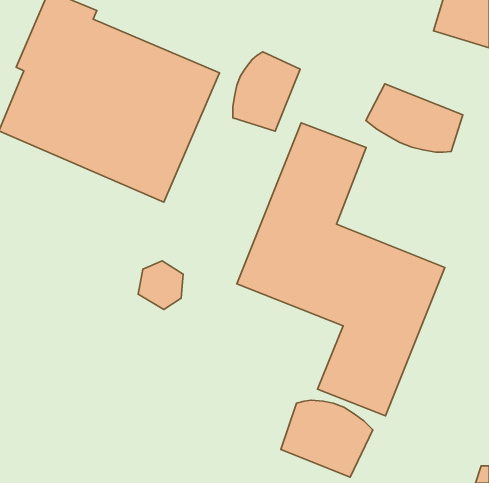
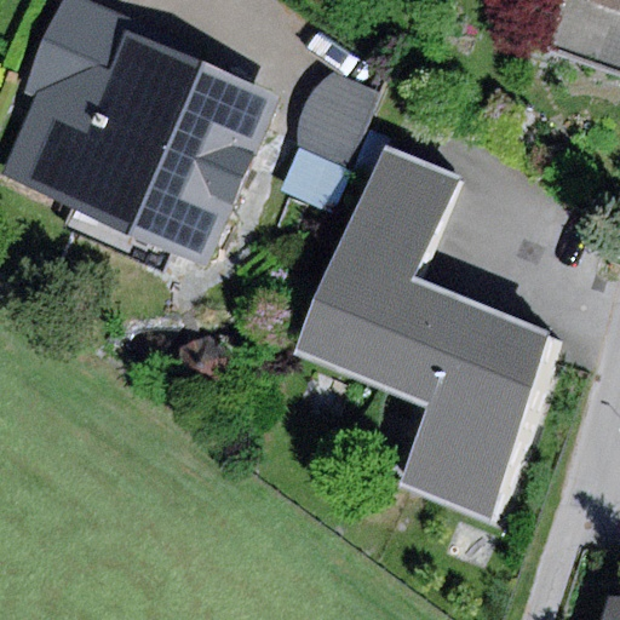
building: [366,84,463,152] -> none
building: [281,400,373,477] -> none

